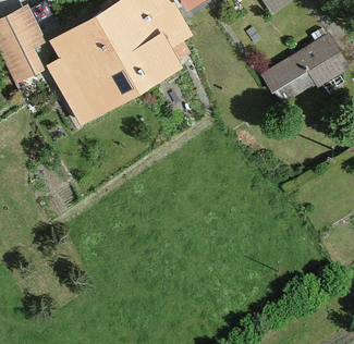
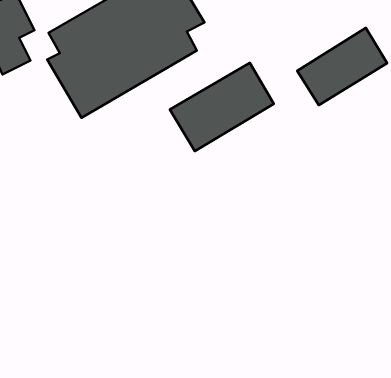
building: none -> [170,63,274,151]

